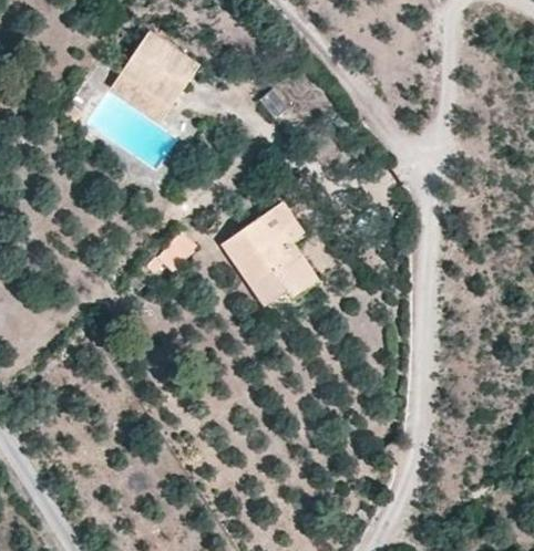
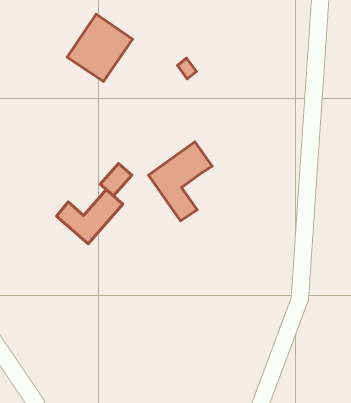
building: [265,242,319,300] -> none
building: none -> [57,189,123,244]

